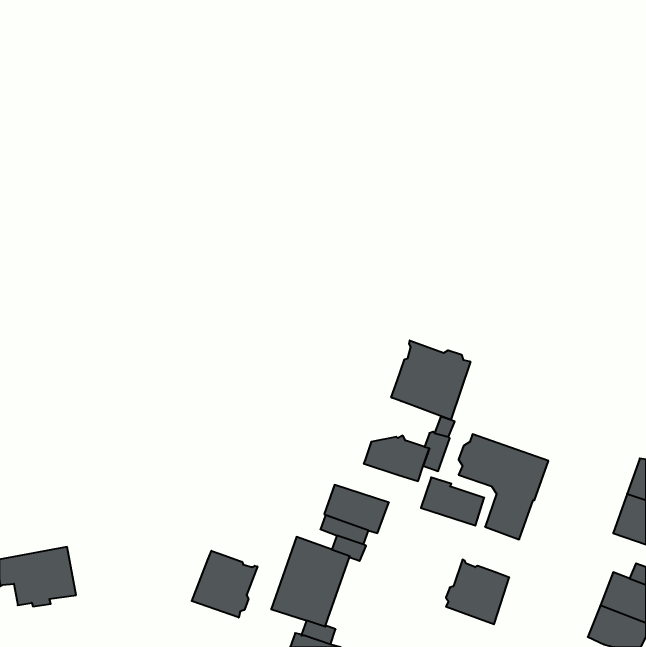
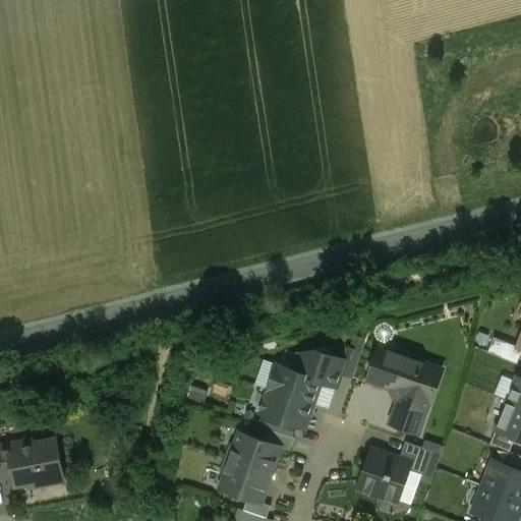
building: [391,340,470,420] -> none
building: [421,477,484,526] -> [269,365,320,404]
building: none -> [398,442,433,476]
building: [192,551,257,618] -> none

